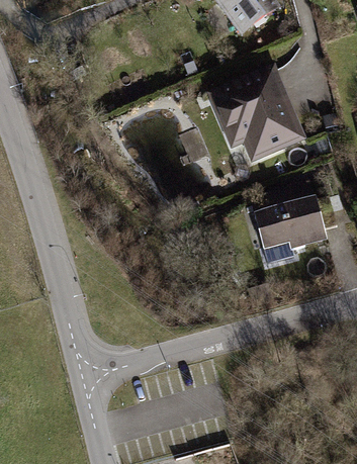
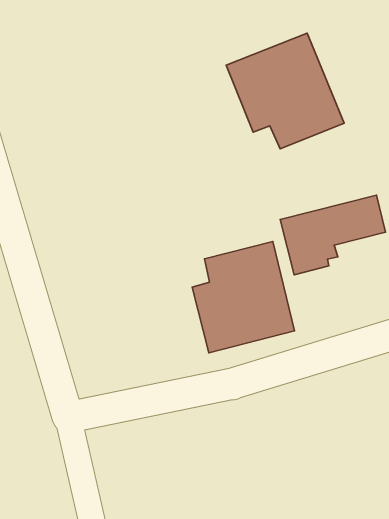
building: none -> [192,241,294,353]

